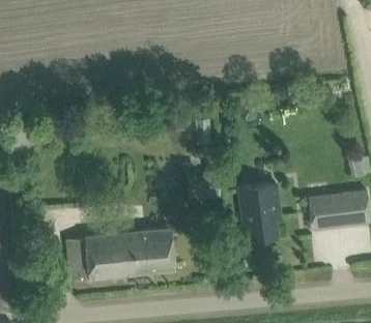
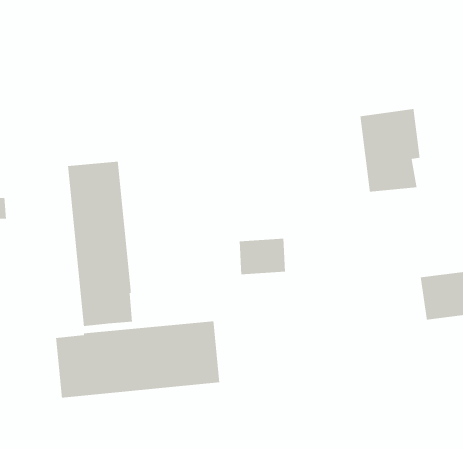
building: none -> [67,161,133,327]
building: [239,184,280,240] -> [360,108,420,192]

